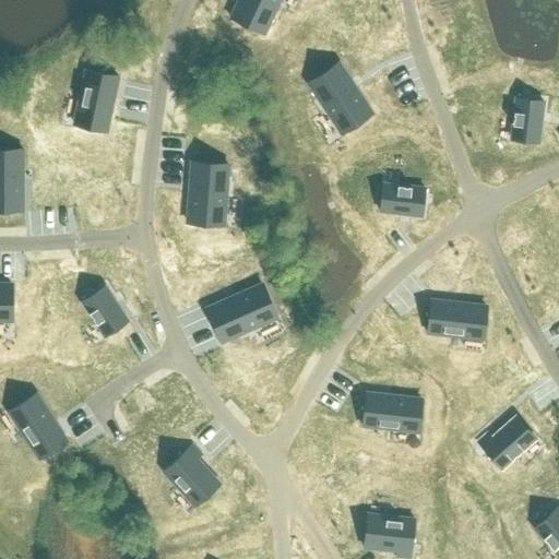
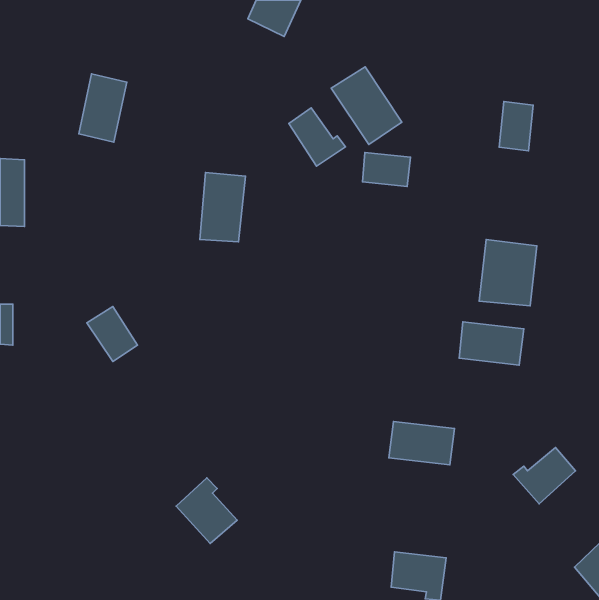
building: [512,97,544,143] -> [499,102,533,151]
building: none -> [289,108,345,166]
building: [381,183,426,215] -> [362,152,411,186]
building: none -> [479,240,537,306]
building: [207,283,278,342] -> none
building: [9,393,68,459] -> none

